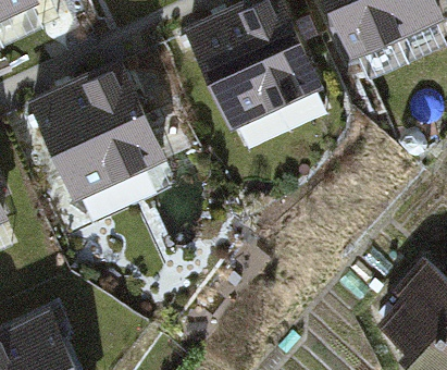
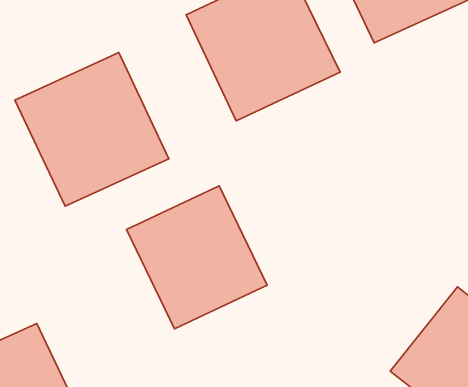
building: none -> [127,186,267,329]

